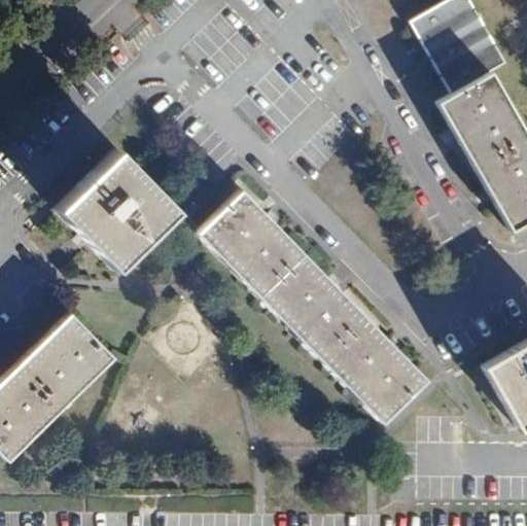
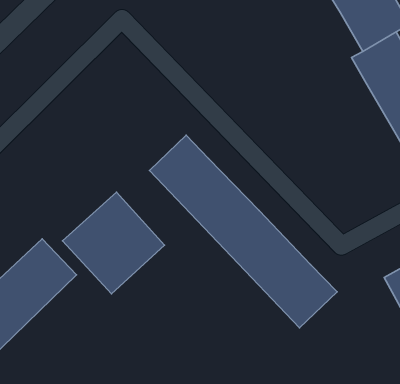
building: [55,148,177,271] -> [63,192,165,294]

